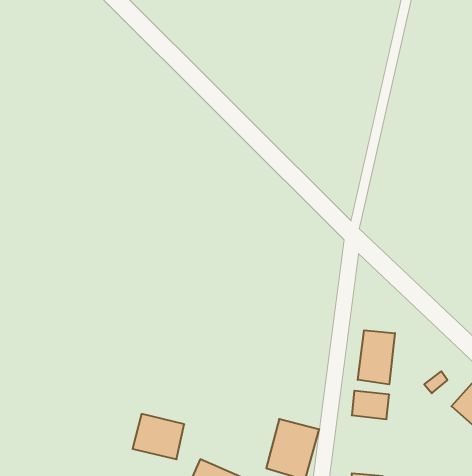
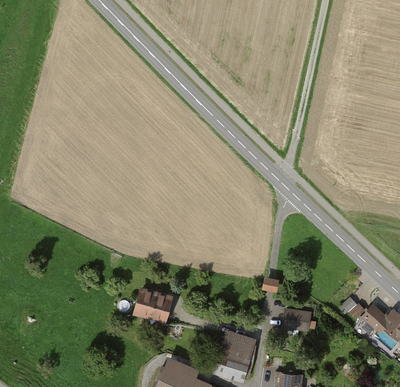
building: [358,330,395,384] -> none
building: [133,414,184,459] -> [131,289,171,324]

